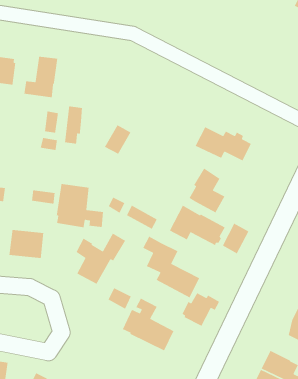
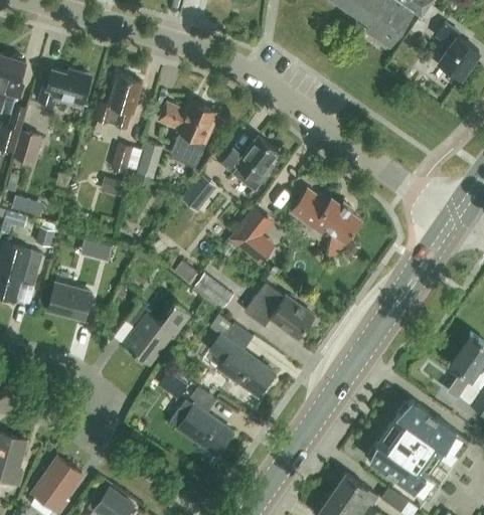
building: none -> [159,104,214,168]
building: none -> [221,138,278,191]
building: [188,168,226,213] -> [230,206,276,264]
building: [56,183,104,228] -> none
building: [222,223,249,255] -> none
building: [181,292,220,327] -> none

